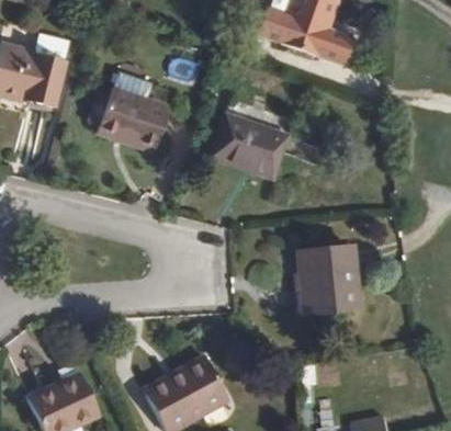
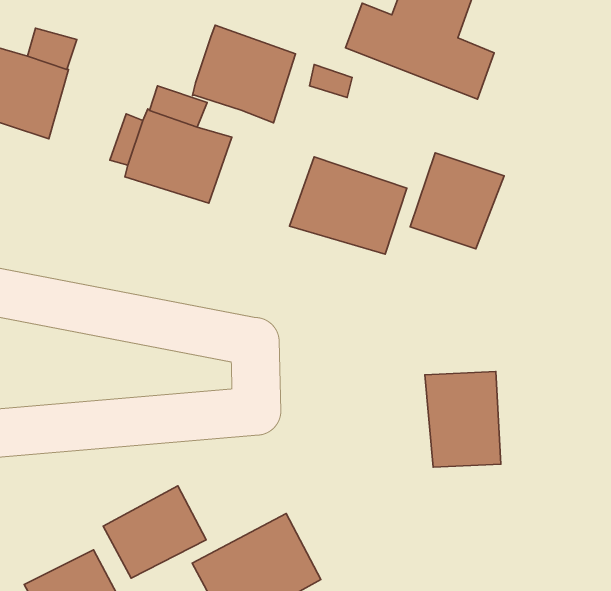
building: none -> [192,25,296,123]
building: none -> [410,153,504,249]
building: none -> [103,486,206,578]

